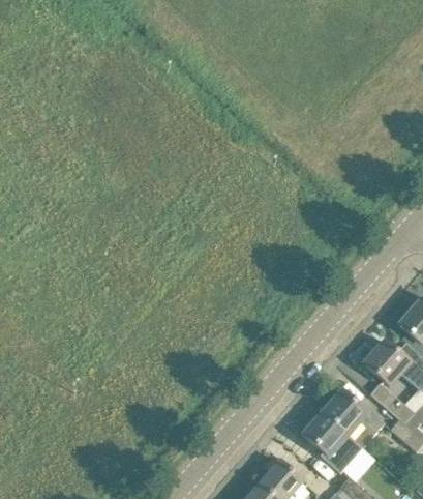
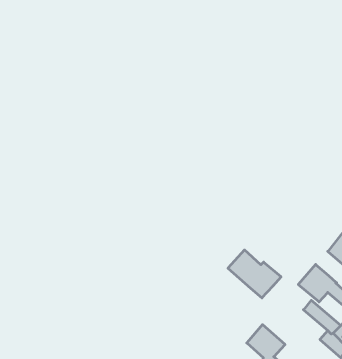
building: [322,389,385,446] -> [228,250,281,298]

